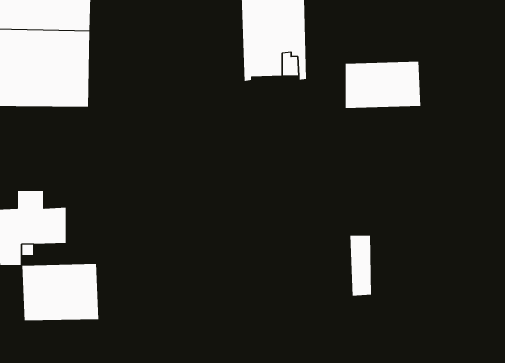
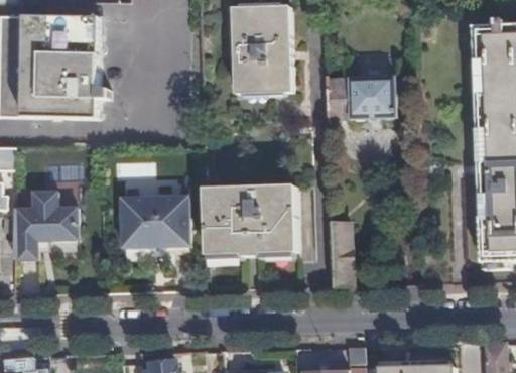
building: none -> [205,185,298,256]
building: [22,263,99,321] -> [121,195,190,246]

